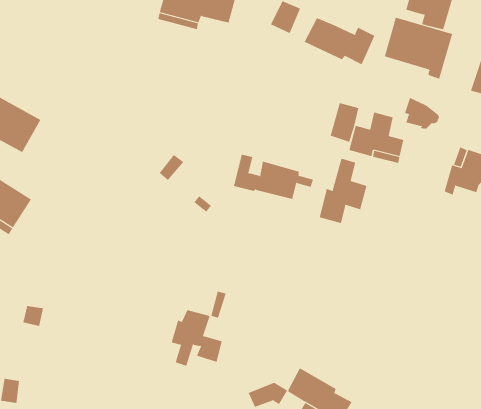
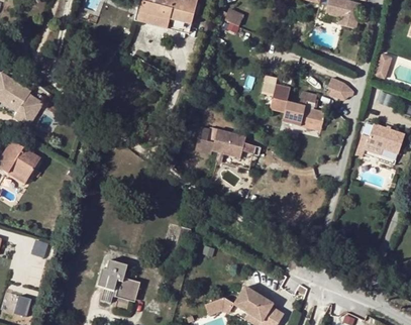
building: [384,17,453,79] -> none
building: [304,18,375,65] -> none
building: [319,158,367,224] -> none
building: [171,309,223,366] -> [97,260,136,304]

